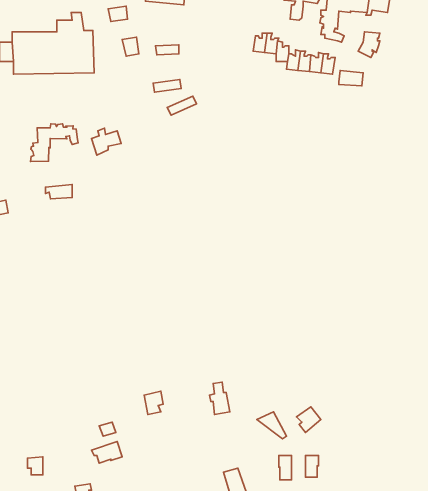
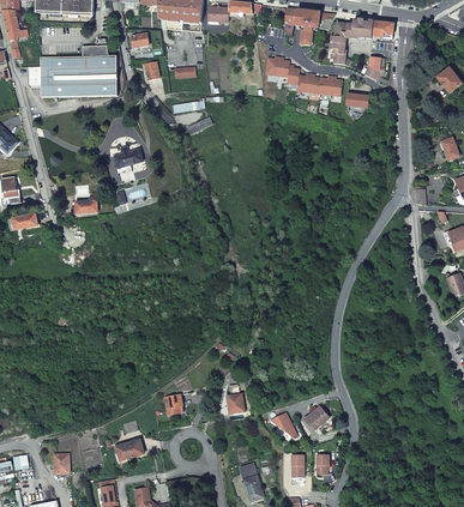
building: [31,124,78,162] -> none

